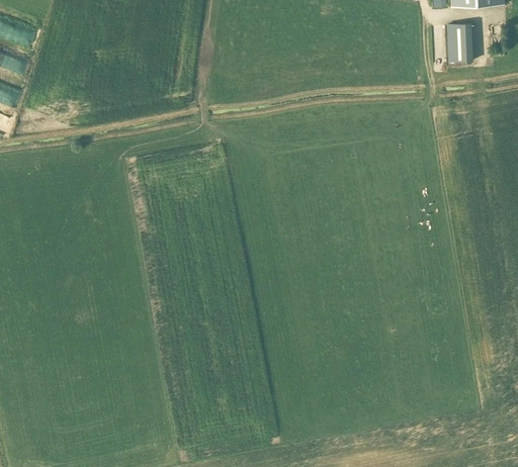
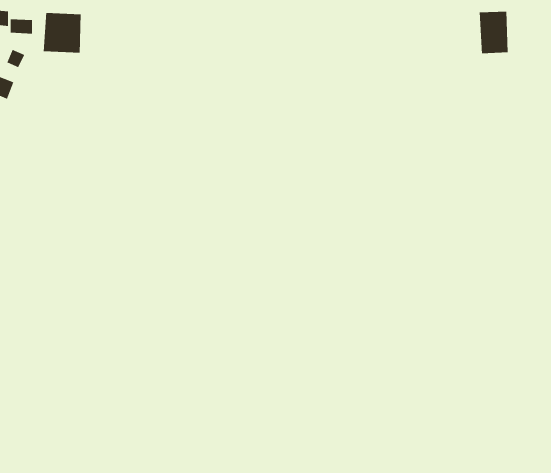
building: none -> [43,12,81,54]

